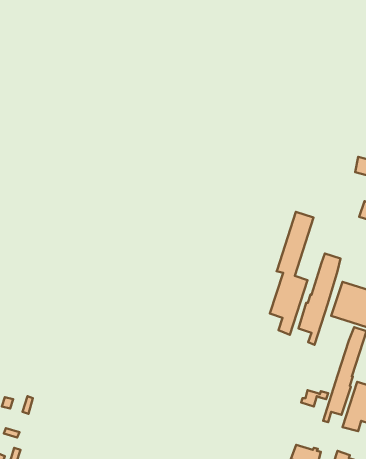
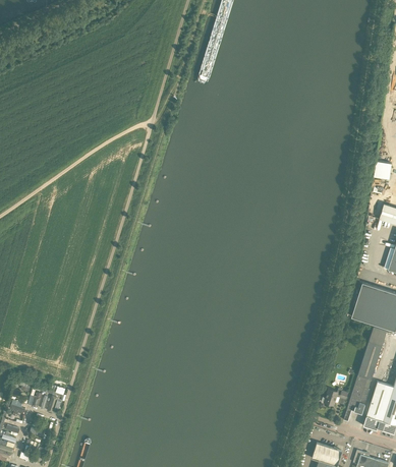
building: [270,212,314,335] -> none
building: [298,254,341,345] -> none

